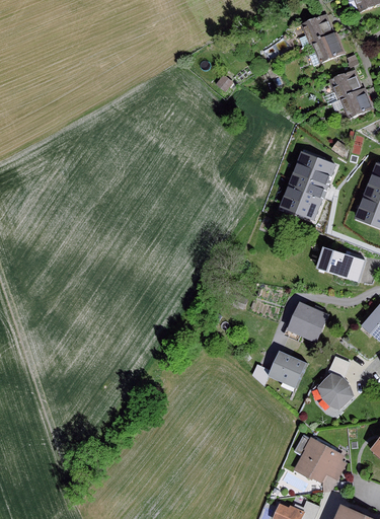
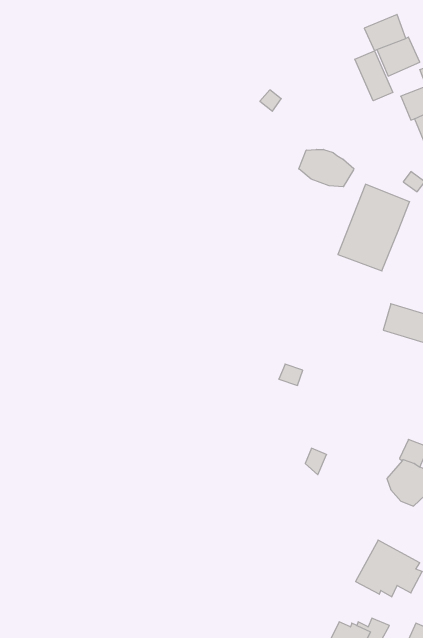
building: none -> [355,51,393,101]
building: none -> [299,149,354,187]
building: [286,301,327,343] -> none
building: [268,350,308,389] -> none

